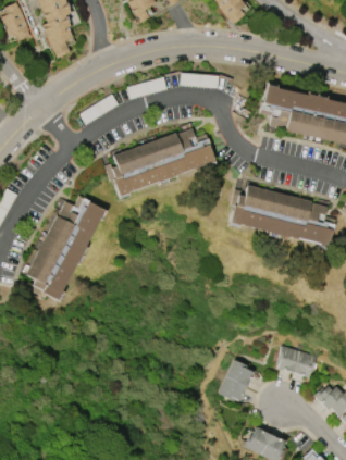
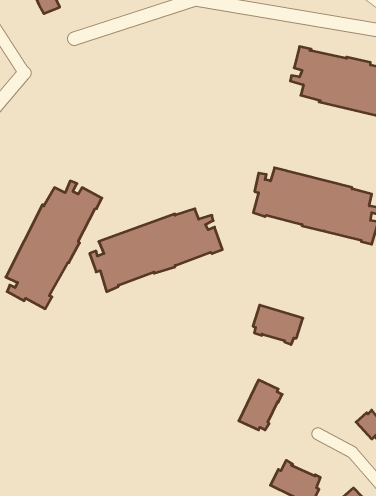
building: [104,128,214,197] -> [90,209,222,292]
building: [276,346,318,378] -> [253,305,303,345]

